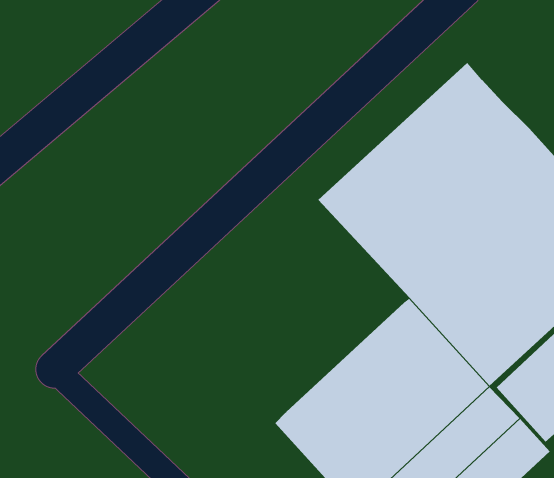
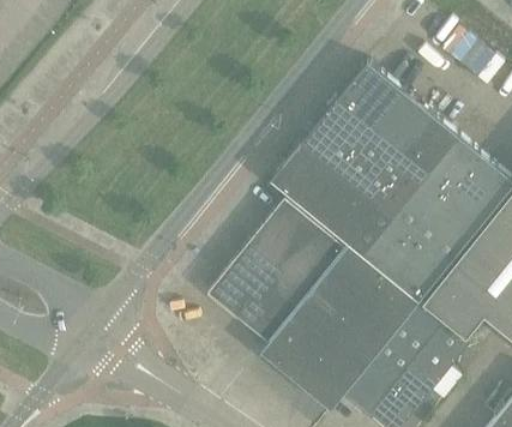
building: none -> [210,200,347,344]

